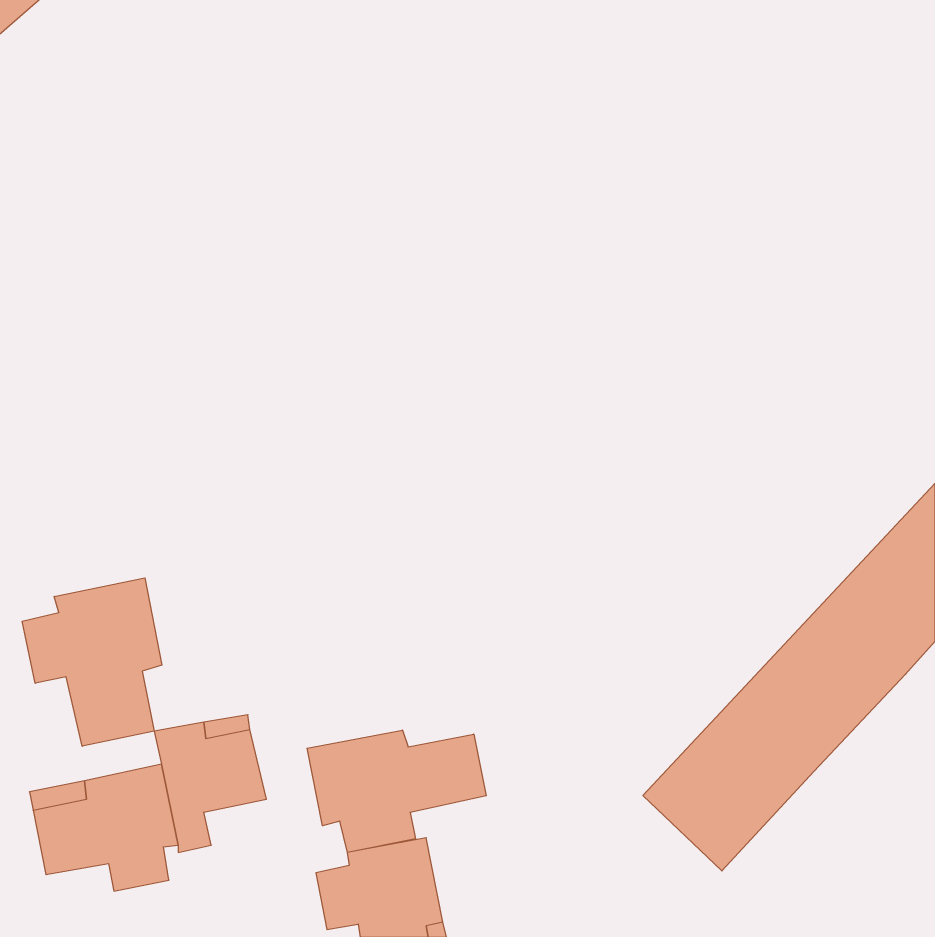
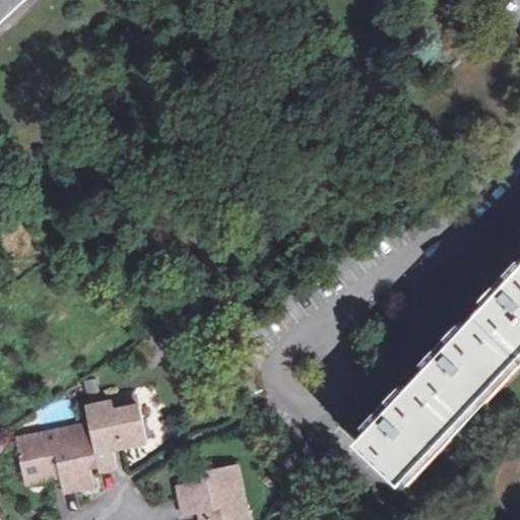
building: [22,578,162,746] -> none
building: [307,730,486,852] -> none

